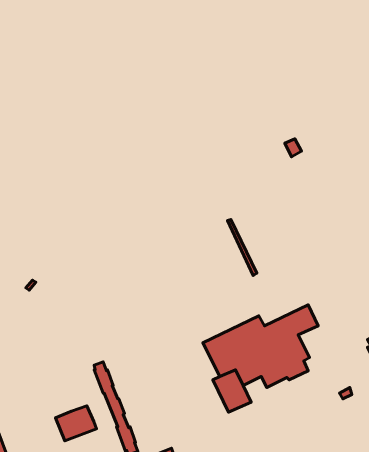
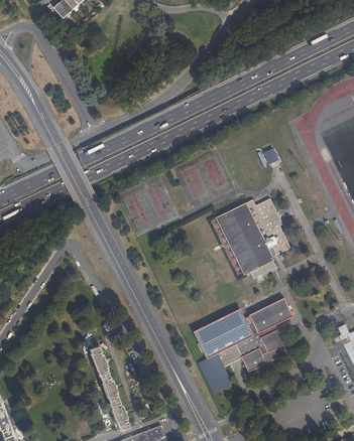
building: none -> [216,198,289,278]
building: [55,406,96,441] -> none

